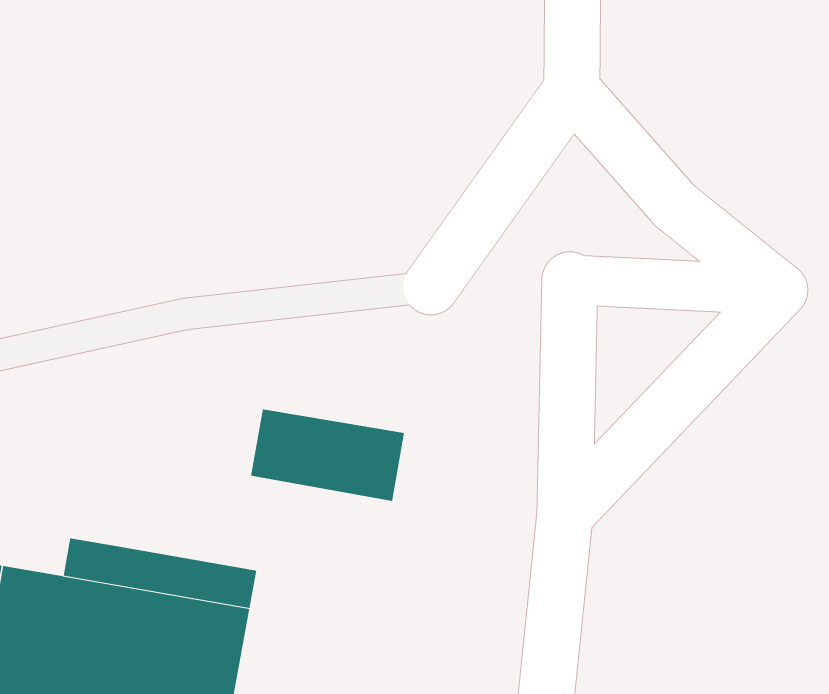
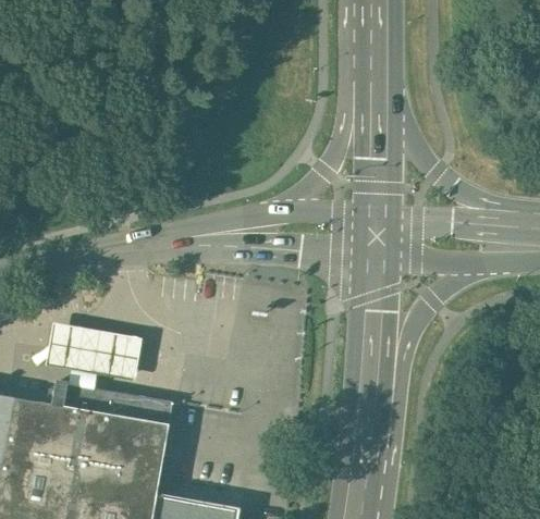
building: [250,409,405,502] -> [44,325,142,384]

